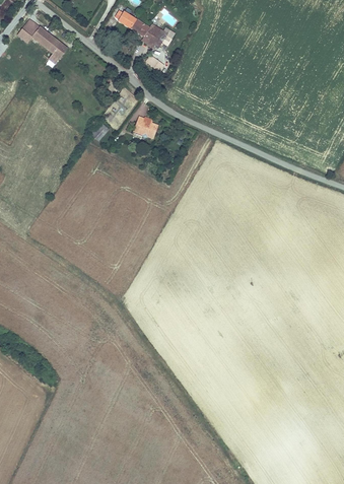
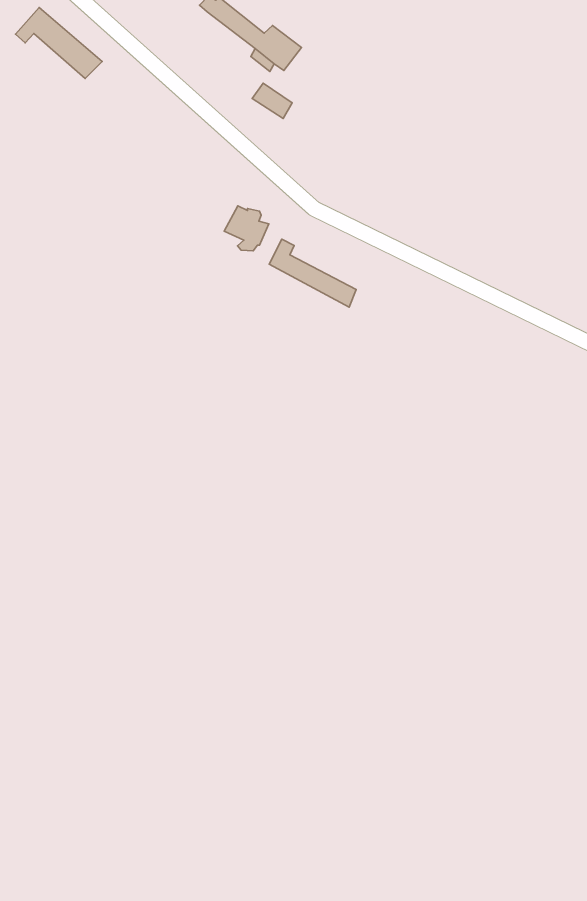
building: none -> [269,239,356,307]

